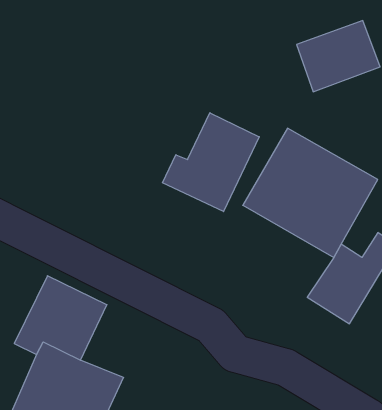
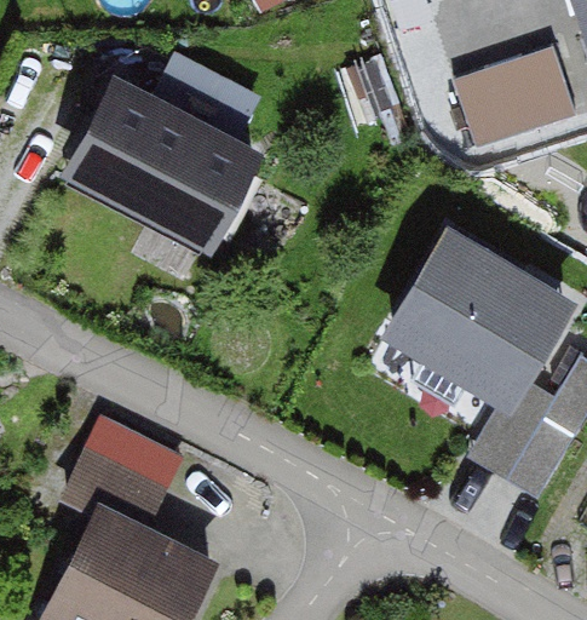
building: none -> [63,69,267,272]
building: [163,113,259,212] -> none

